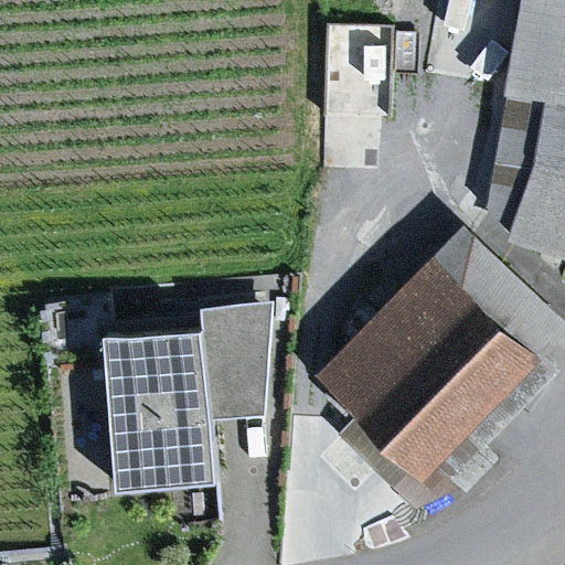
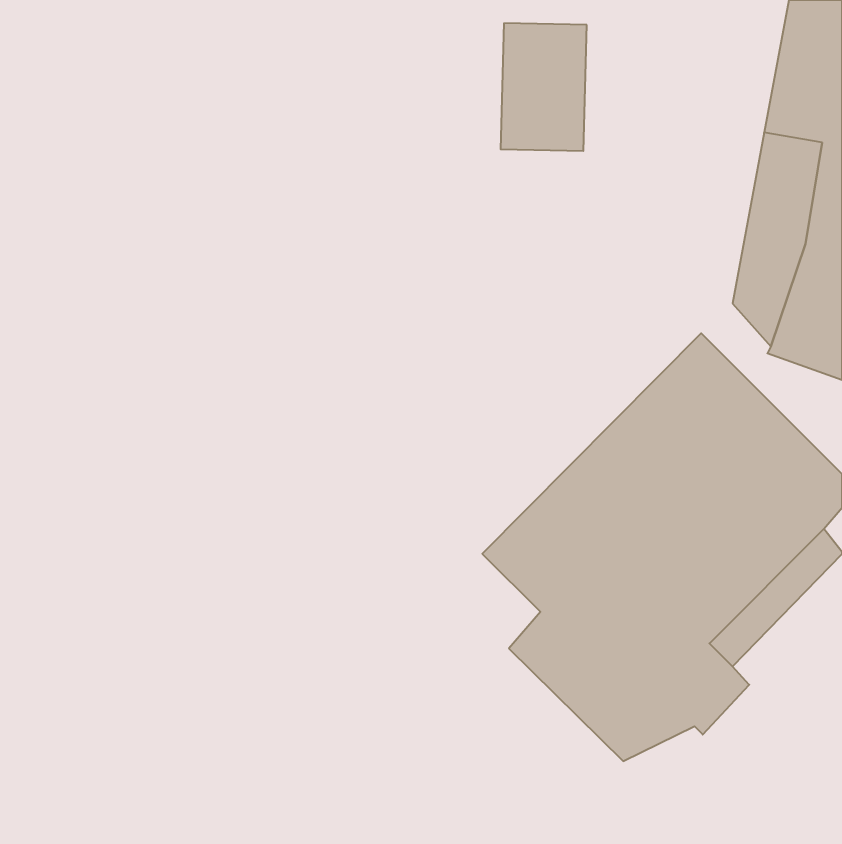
building: [105,303,269,488] -> none

